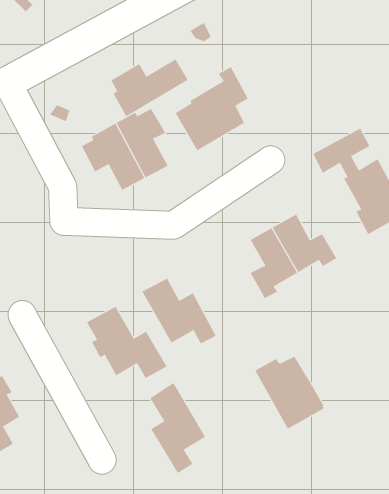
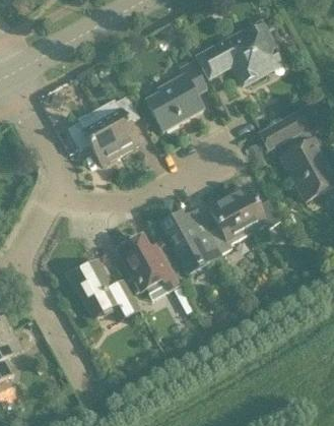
building: none -> [197,23,280,80]
building: [110,59,189,117] -> none
building: [254,356,325,430] -> [161,210,219,271]
building: [149,382,206,474] -> none

